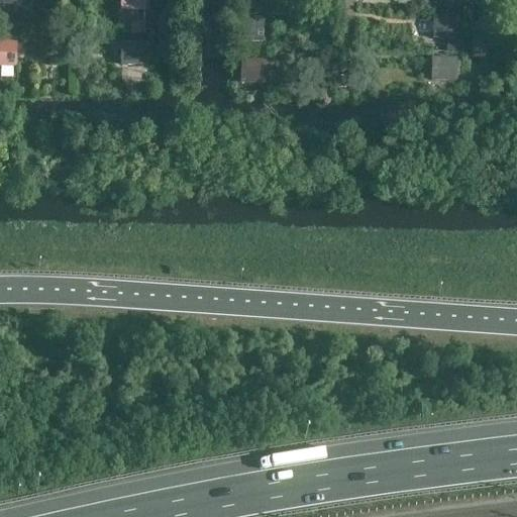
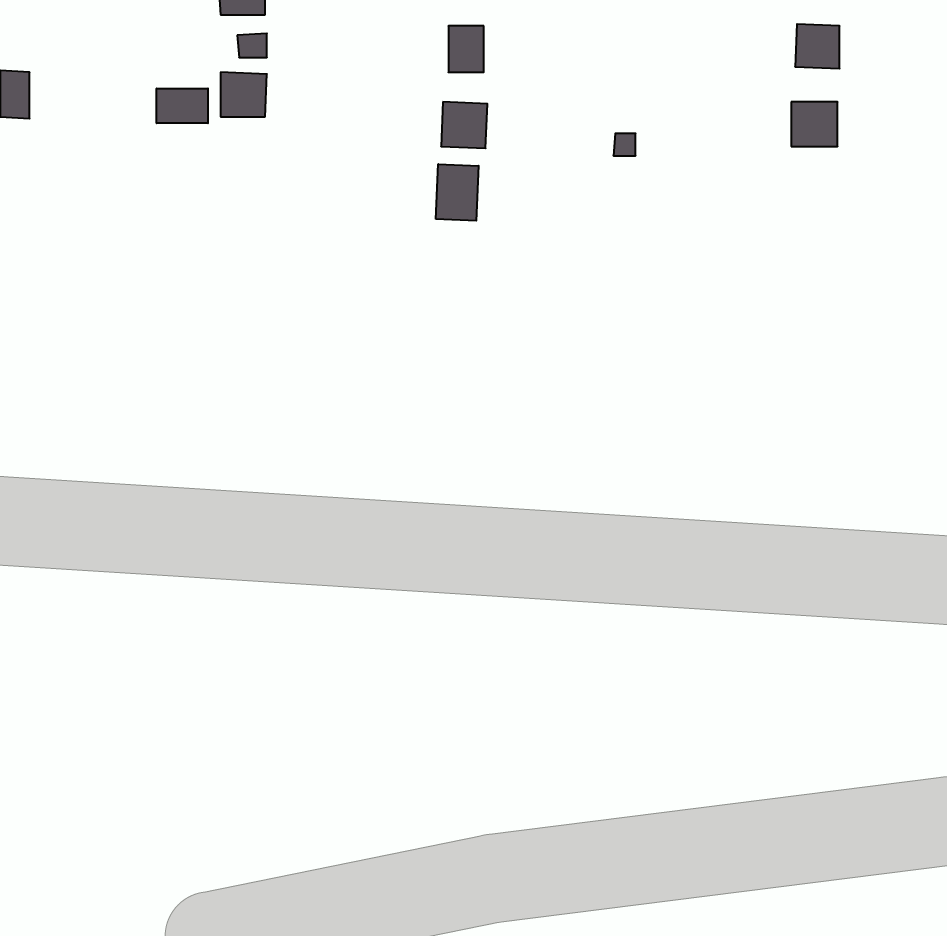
building: none -> [157,88,208,123]
building: none -> [436,164,479,221]

